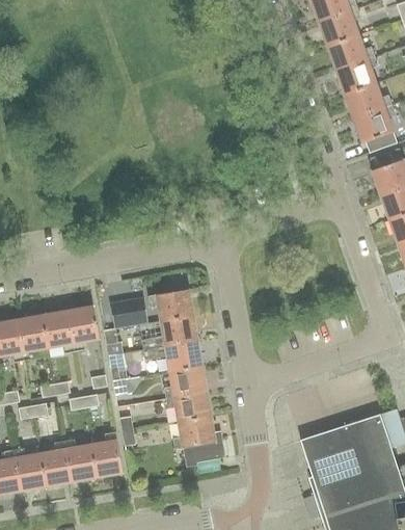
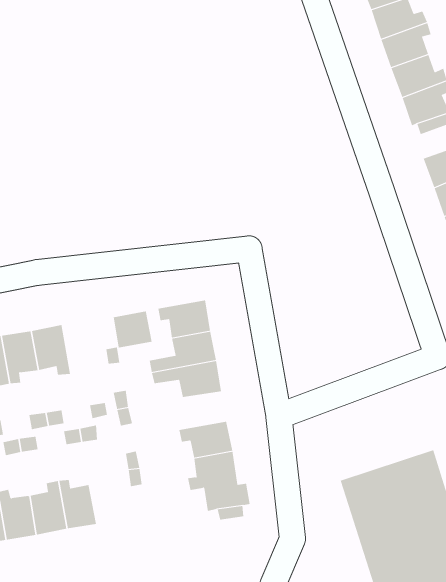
building: [69,304,100,350] -> none
building: [164,365,207,397] -> none
building: [91,431,124,476] -> none

